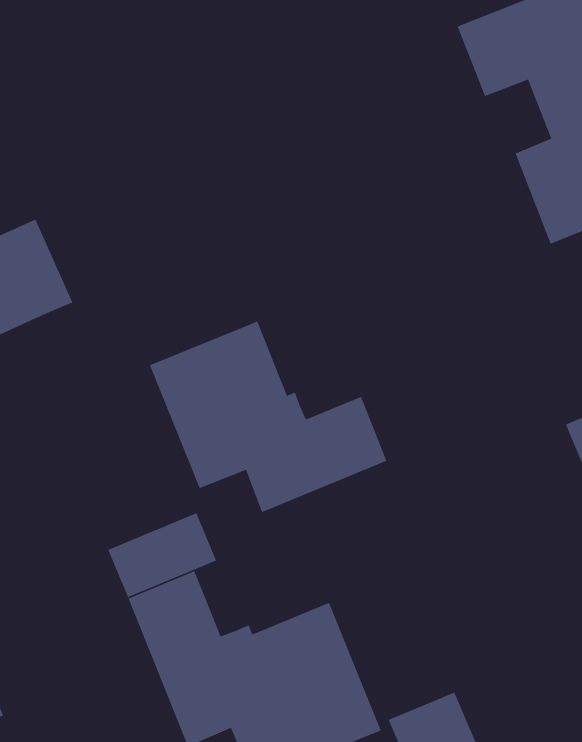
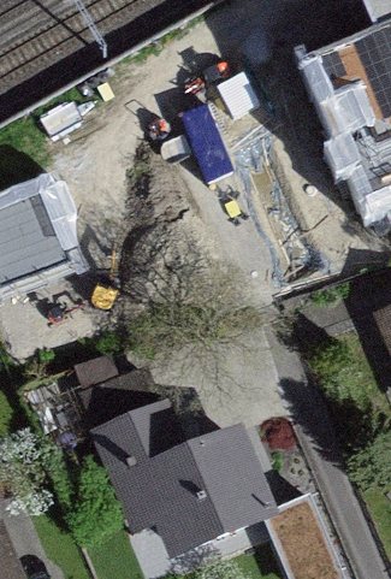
building: [149,321,387,513] -> none

